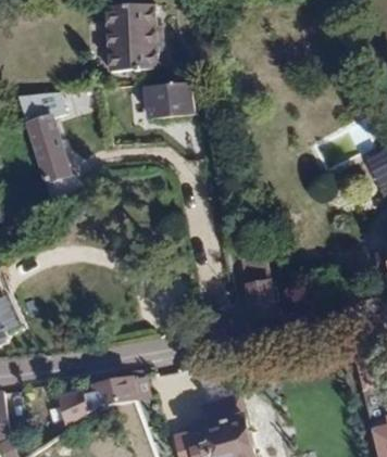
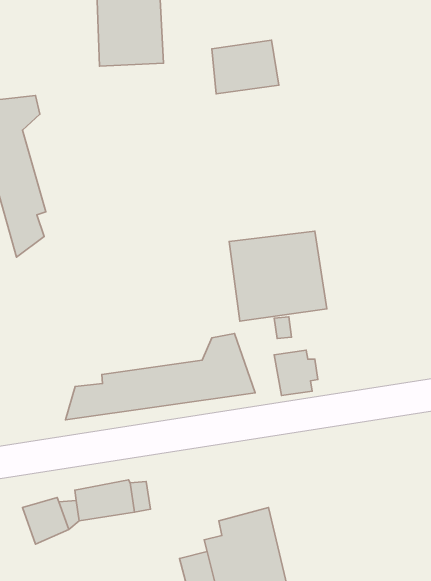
building: [145,81,195,122] -> [212,40,279,94]
building: none -> [229,231,327,321]
building: none -> [65,334,255,420]

